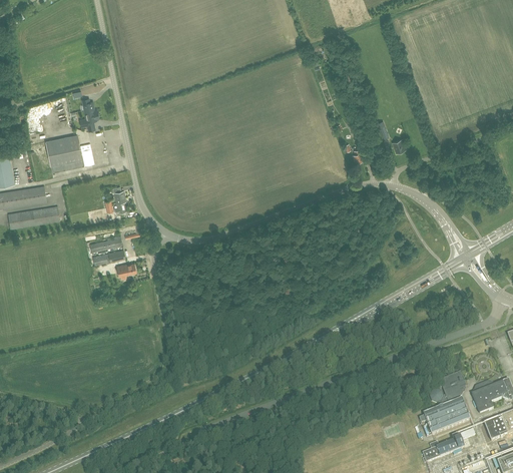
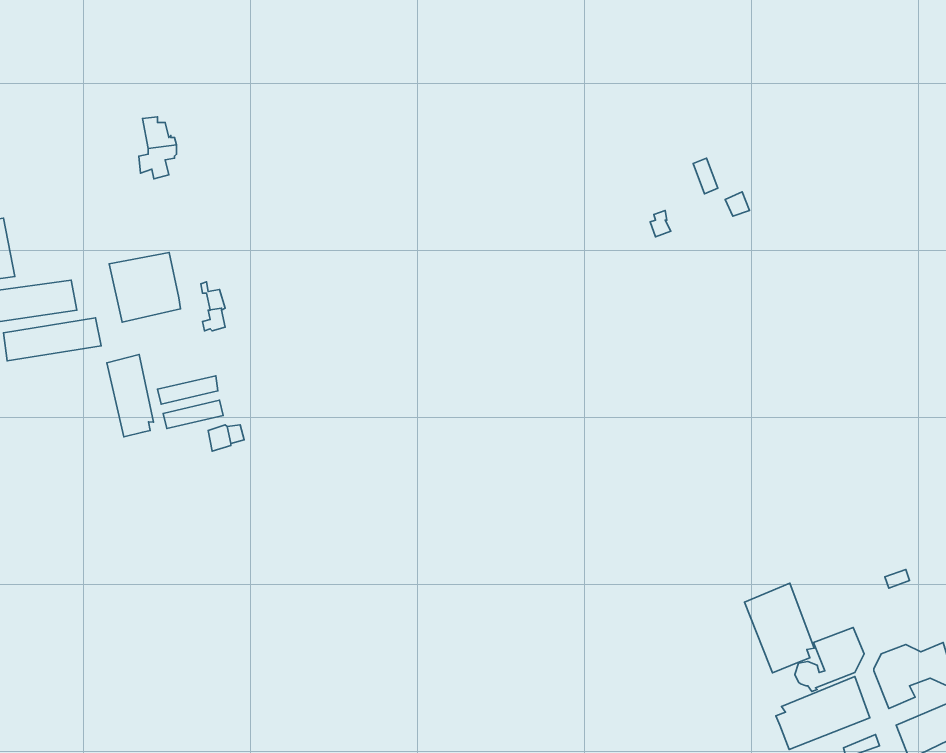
building: [44,134,82,171] -> [109,253,181,322]
building: none -> [107,354,154,437]
building: none -> [744,583,814,673]

